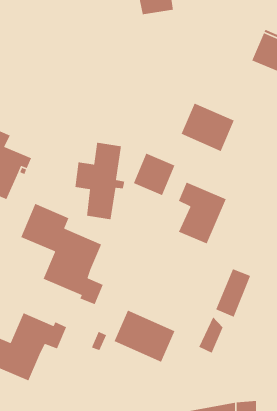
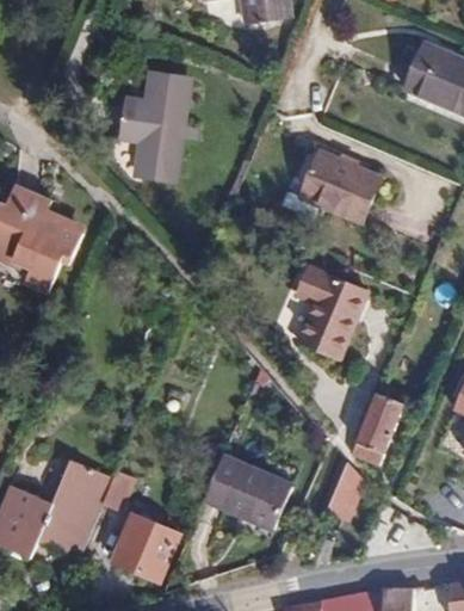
building: [75,142,125,220] -> [118,69,192,184]
building: [133,153,176,196] -> none
building: [20,203,104,305] -> none
building: none -> [110,514,179,581]

